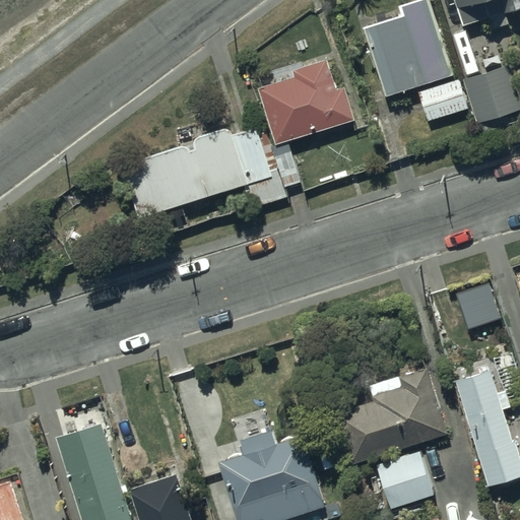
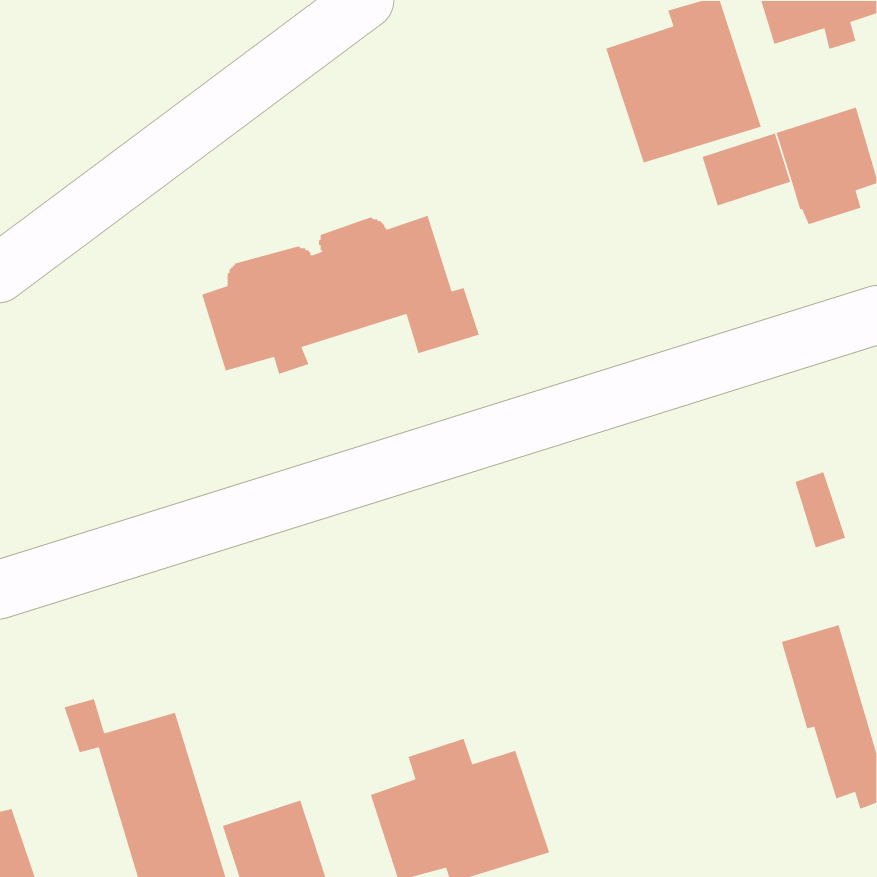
building: [260,60,354,186] -> none
building: [329,368,443,465] -> none
building: [372,449,434,509] -> none

